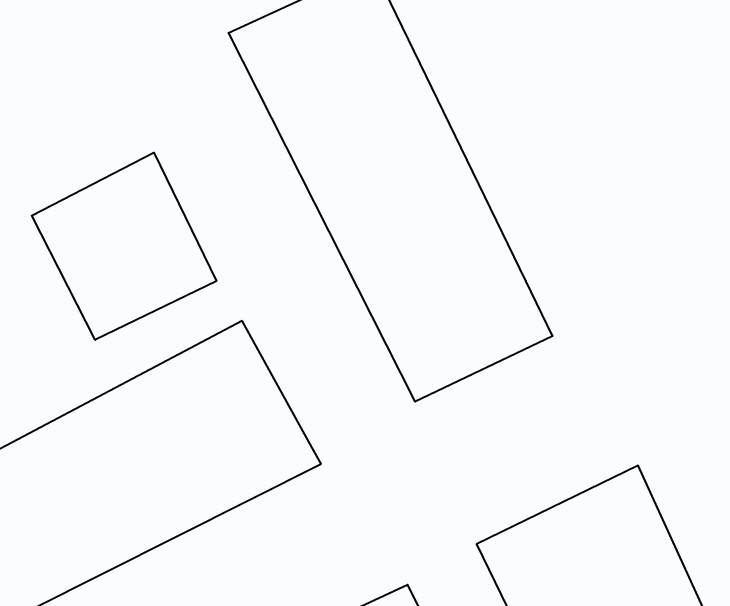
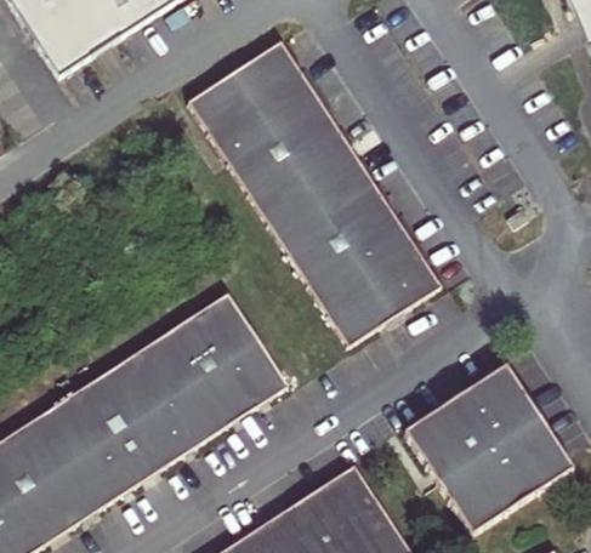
building: [32,153,216,340] -> none

